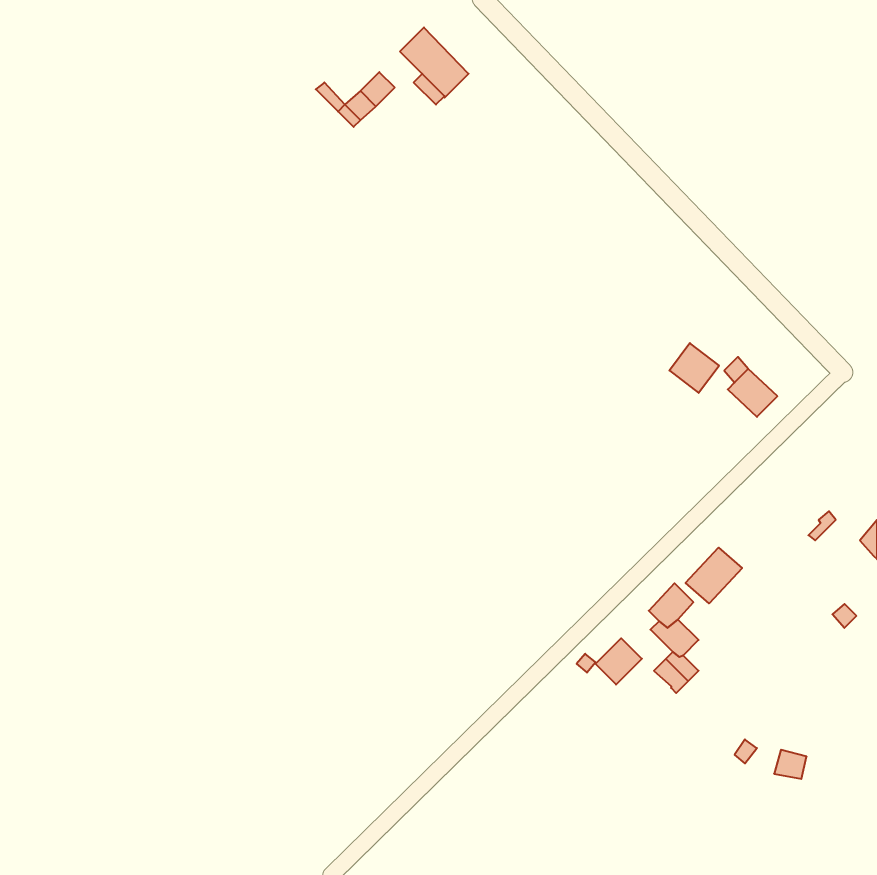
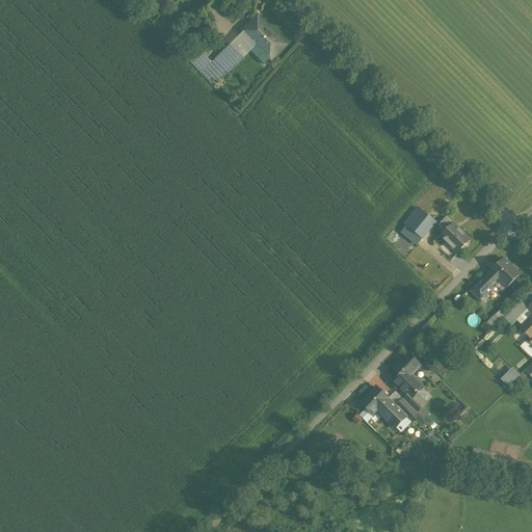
building: none -> [472,259,520,302]
building: [686,548,742,603] -> none
building: none -> [377,399,406,428]

